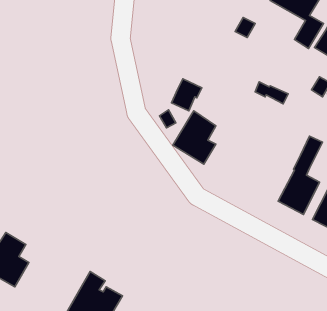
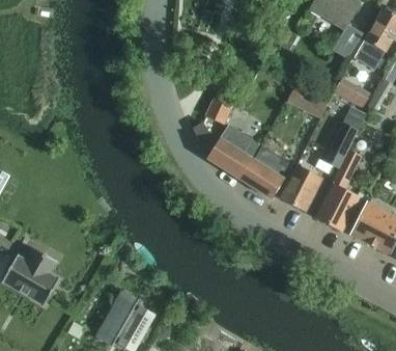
building: none -> [323,122,359,168]
building: none -> [239,144,289,197]
building: none -> [279,164,322,211]

